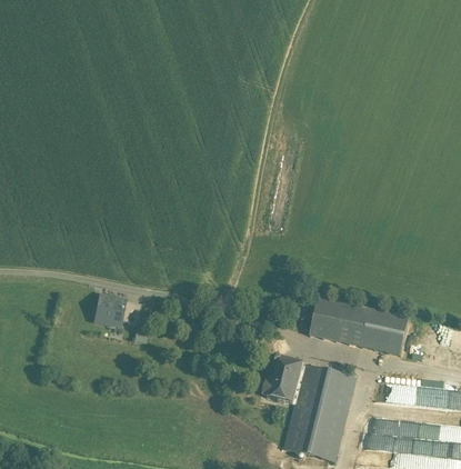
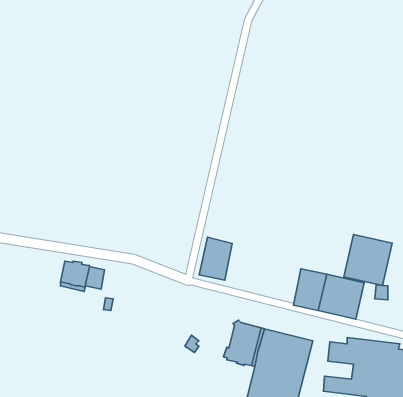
building: none -> [344,235,392,285]
building: [309,296,343,340] -> [199,237,232,280]

